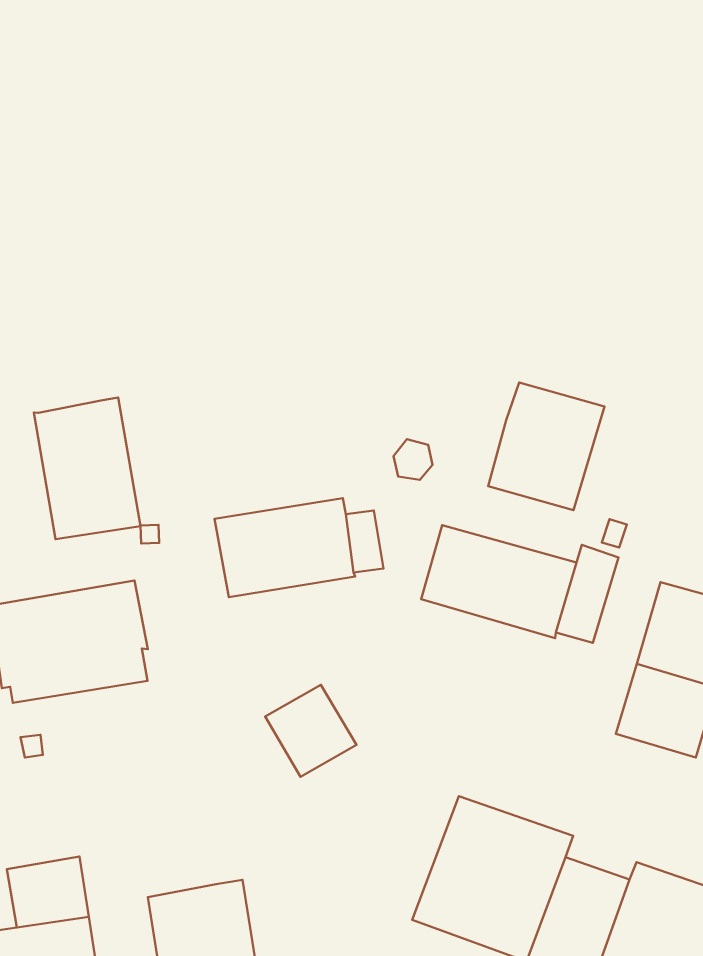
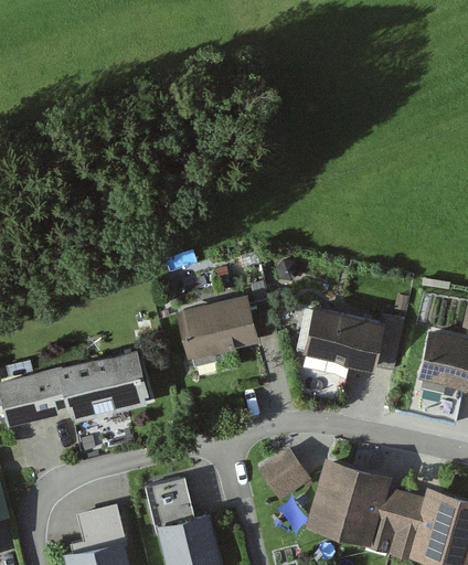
building: [488,382,605,510] -> none
building: [34,398,141,539] -> none
building: [265,685,356,777] -> [258,448,310,500]
building: none -> [148,478,194,525]

